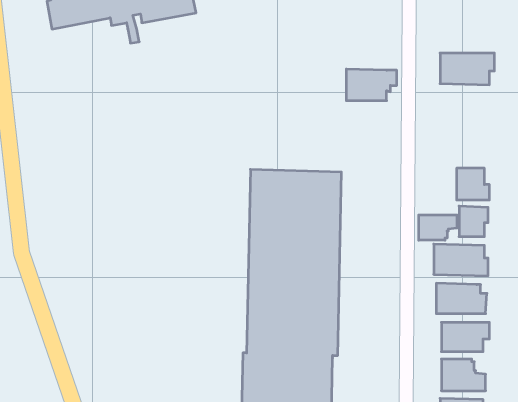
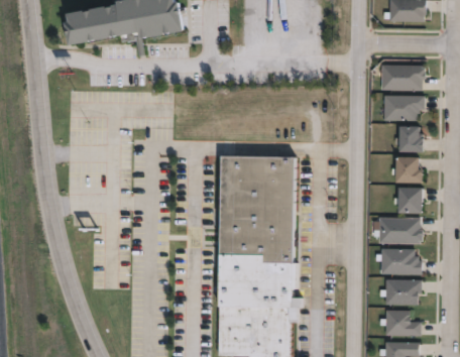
building: [346,69,397,101] -> [382,95,423,120]
building: none -> [397,126,422,151]
building: [419,215,457,240] -> none

